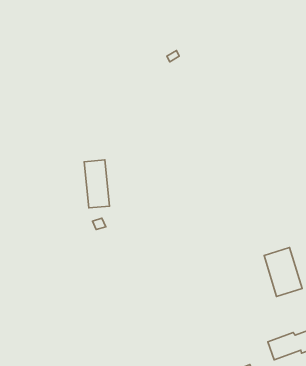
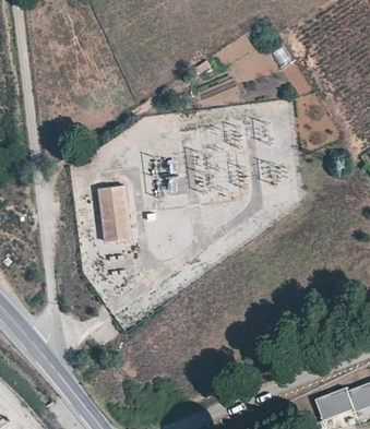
building: [264,247,302,296] -> none

